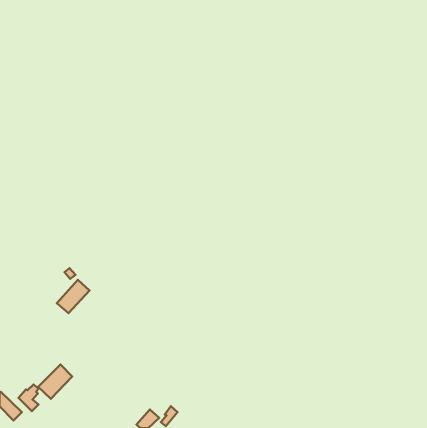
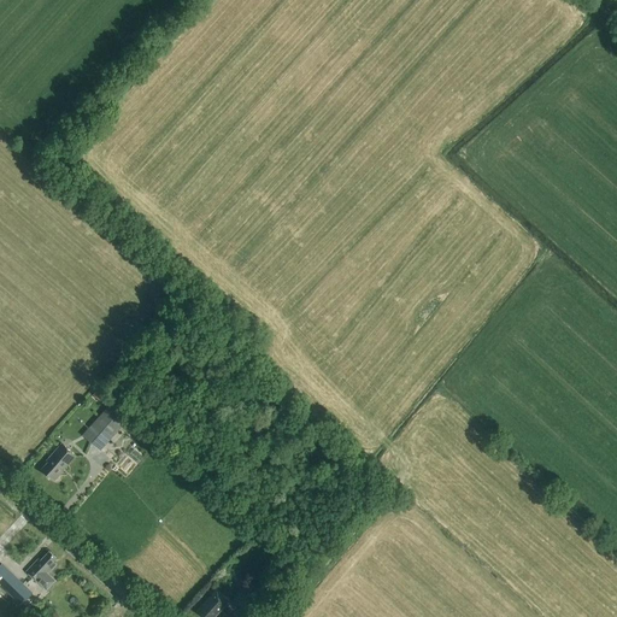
building: none -> [40,443,75,481]
building: [38,365,72,399] -> none

